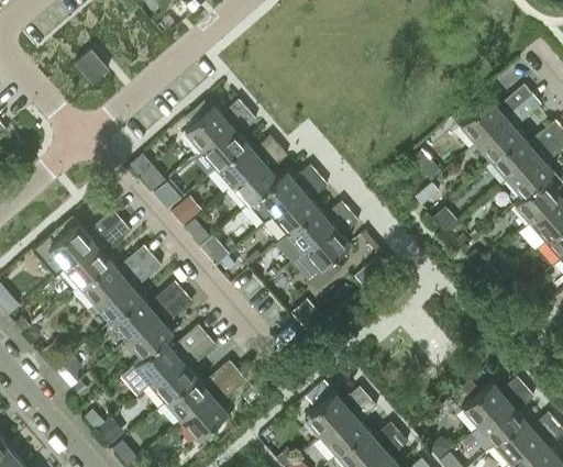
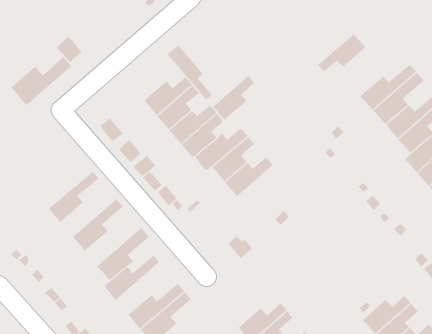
building: none -> [317,33,366,73]
building: none -> [167,44,212,100]
building: none -> [10,56,72,106]
building: [31,211,121,278] -> none
building: [303,213,357,271] -> [212,75,255,121]
building: [79,246,151,304] -> none
building: [110,281,183,342] -> none
building: [150,336,214,403] -> none

